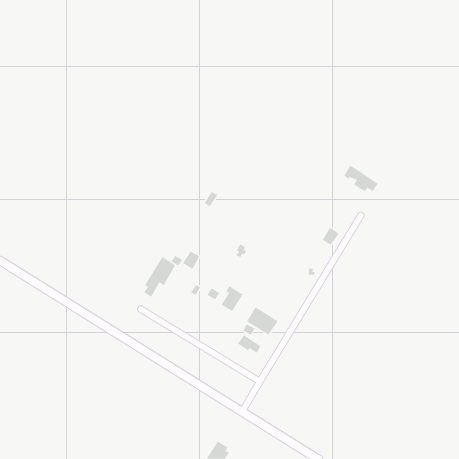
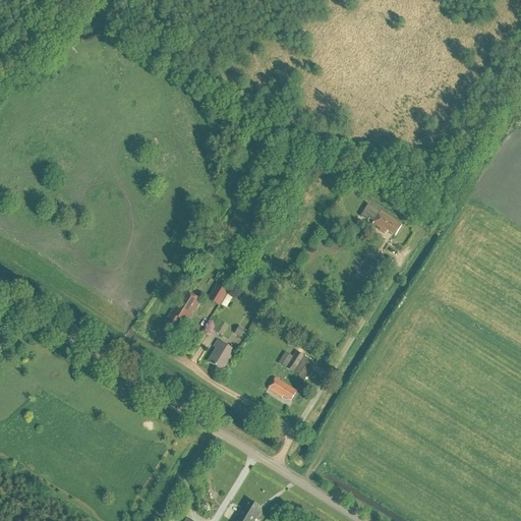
building: [343,165,379,192] -> [362,204,402,234]
building: [221,286,243,312] -> [210,339,235,368]

